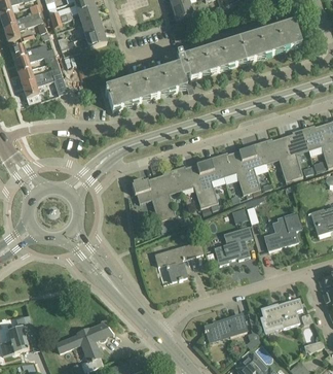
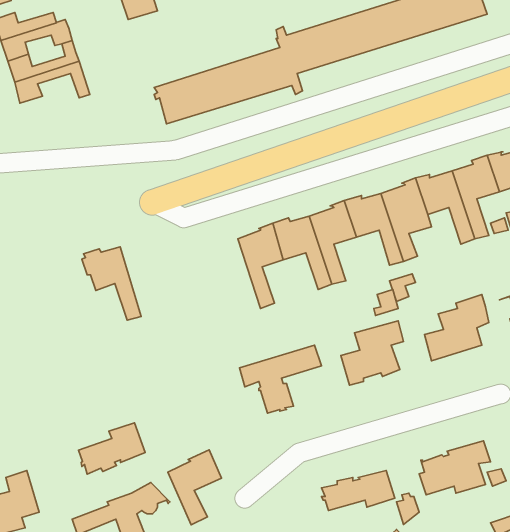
building: [132,177,166,220] -> [82,247,141,320]
building: none -> [79,423,145,474]
building: none -> [168,450,222,525]

